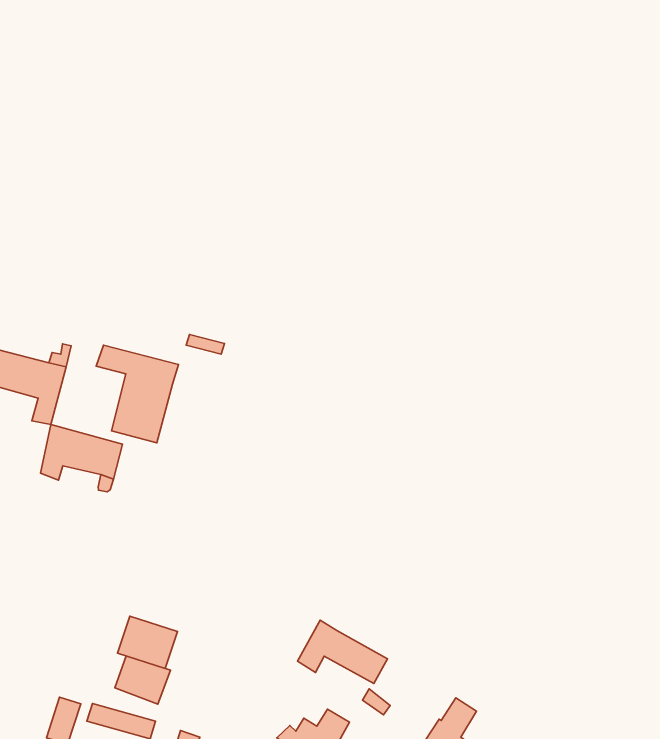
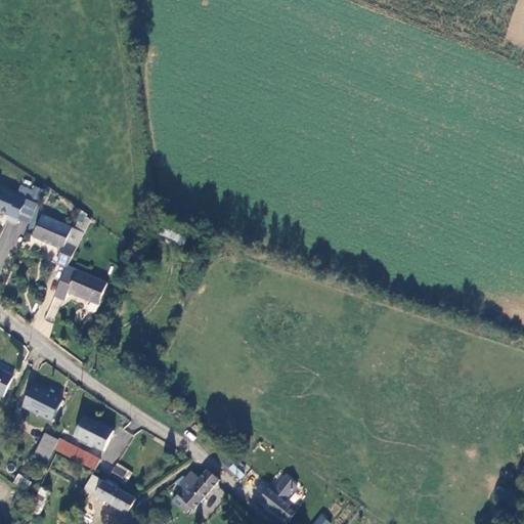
building: [96,345,179,443] -> none
building: [118,616,177,669] -> [23,384,61,420]
building: [297,620,387,683] -> none

